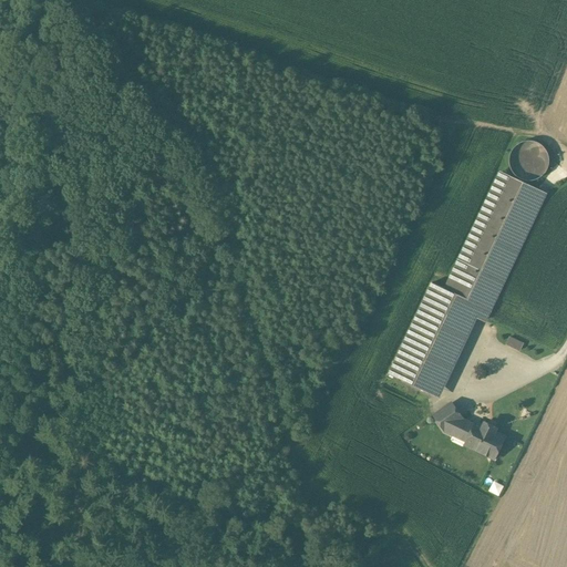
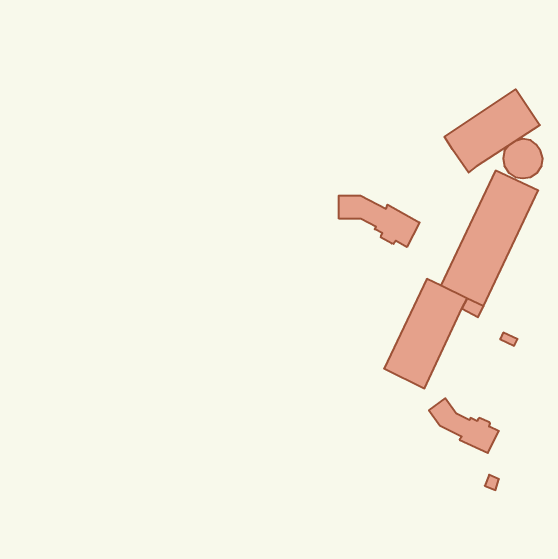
building: none -> [444,89,540,173]
building: none -> [339,196,420,247]

